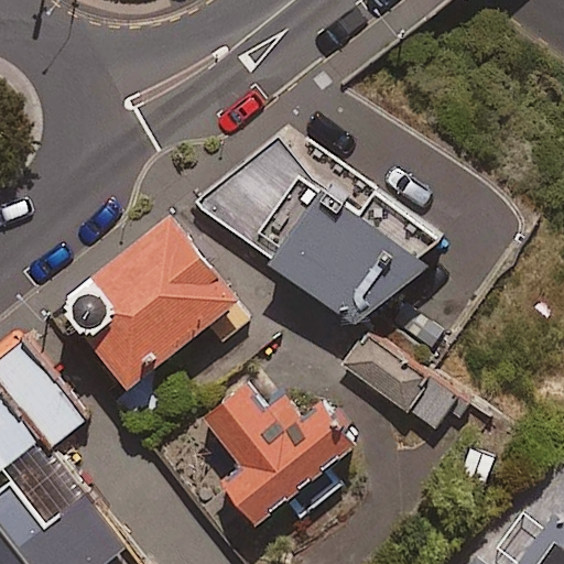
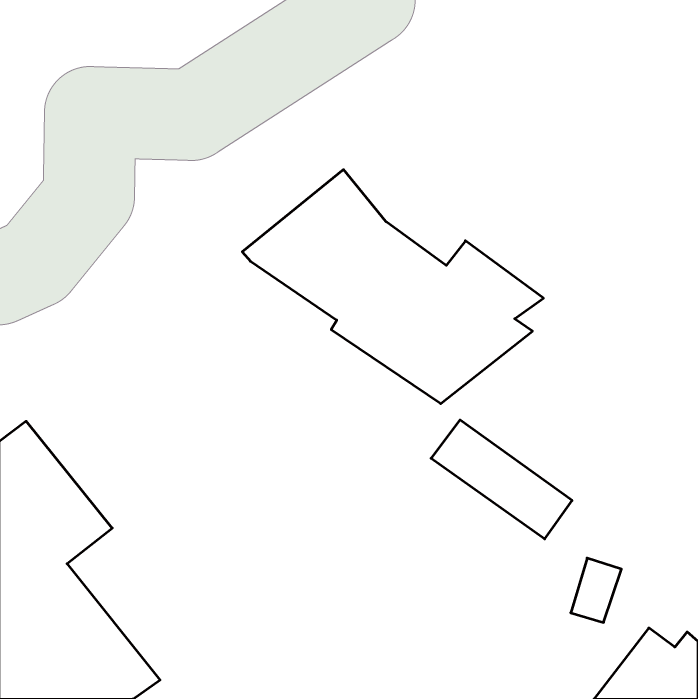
building: [63,215,251,390] -> none
building: [203,382,348,527] -> none

